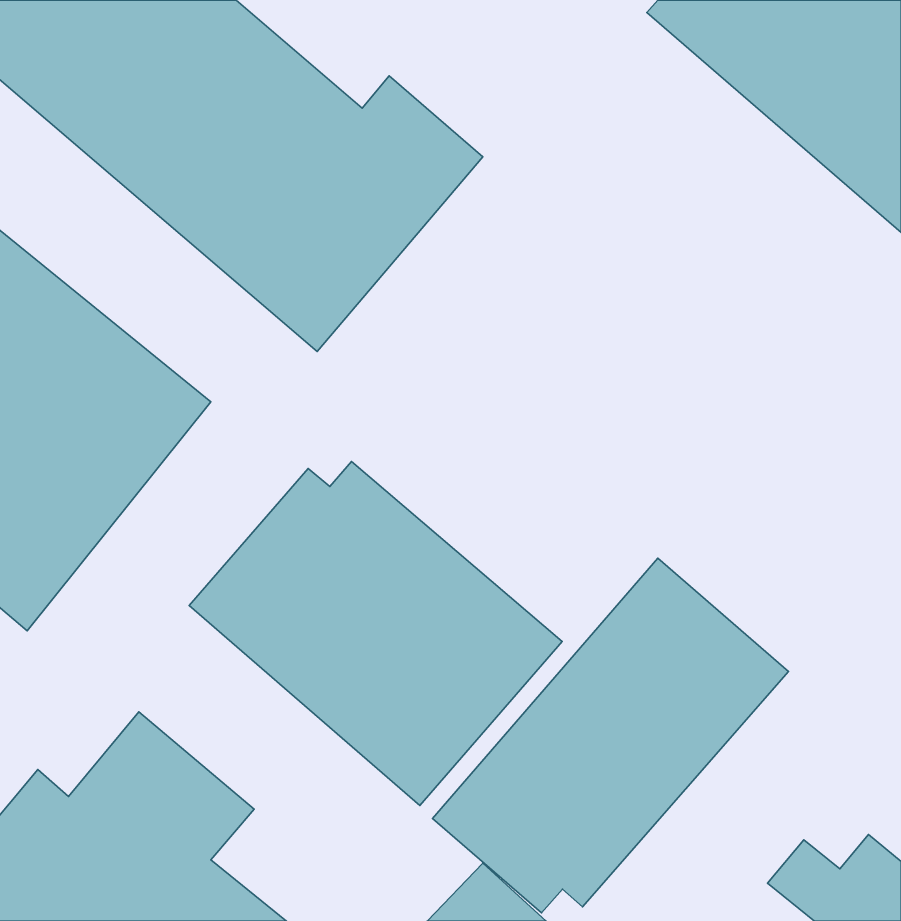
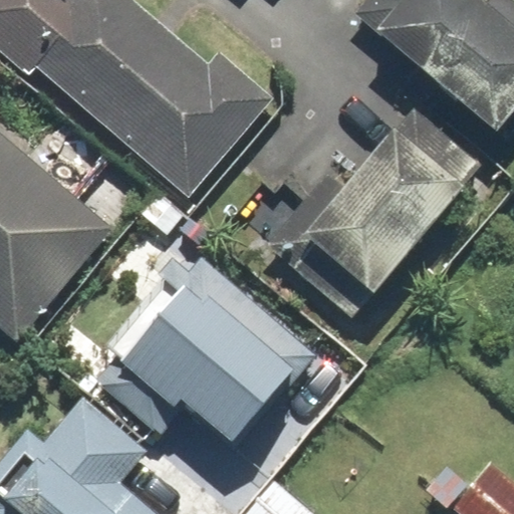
building: none -> [309,112,479,289]
building: [432,558,789,913] -> none

